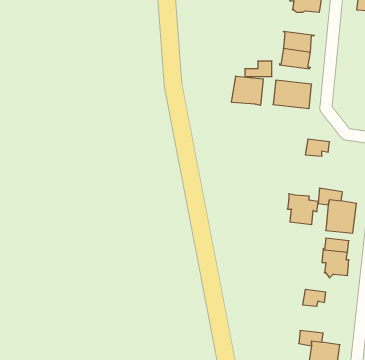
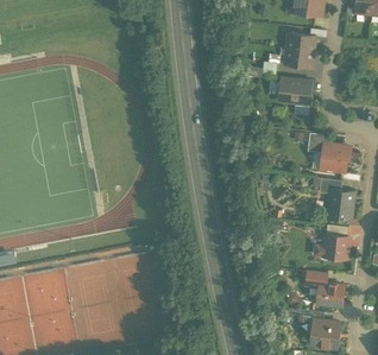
building: [232,76,263,105] -> none
building: [287,194,318,225] -> [322,144,351,172]
building: none -> [317,283,344,306]

